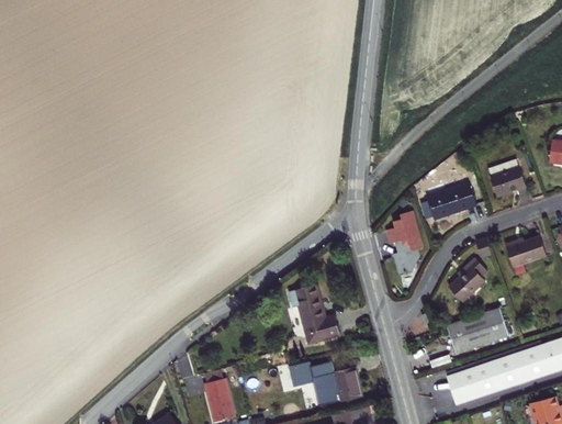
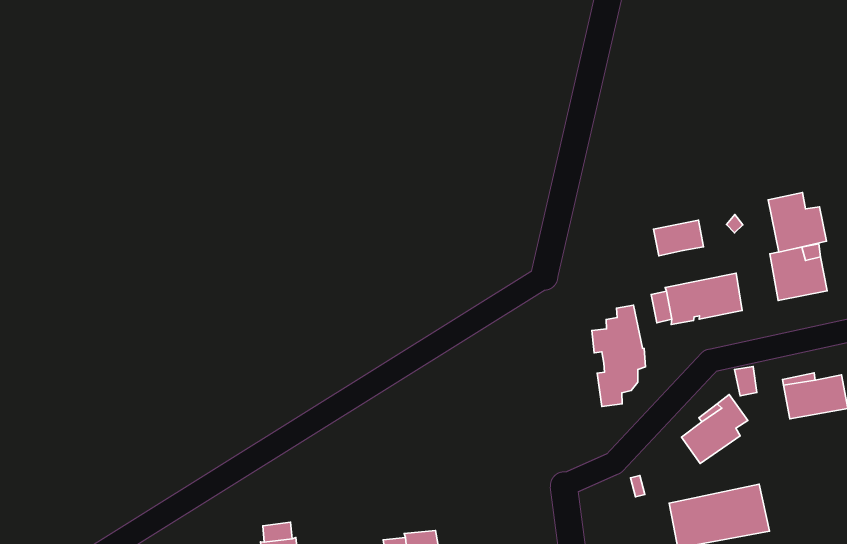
building: none -> [768,193,826,252]
building: none -> [654,220,704,256]
building: [289,283,339,344] -> none

